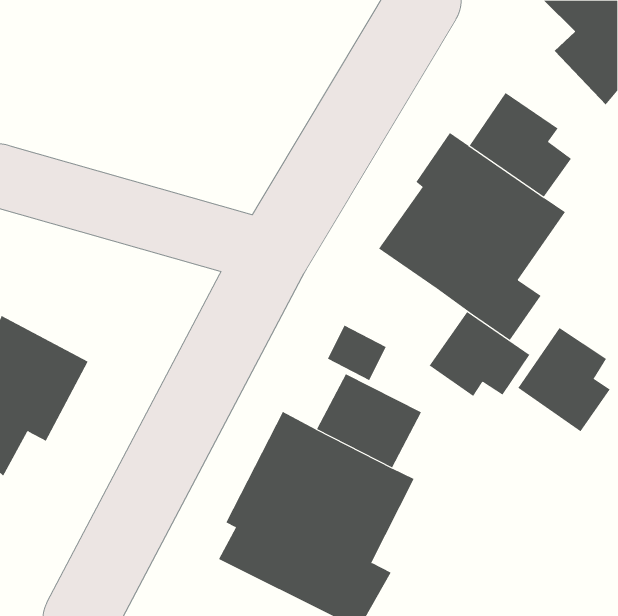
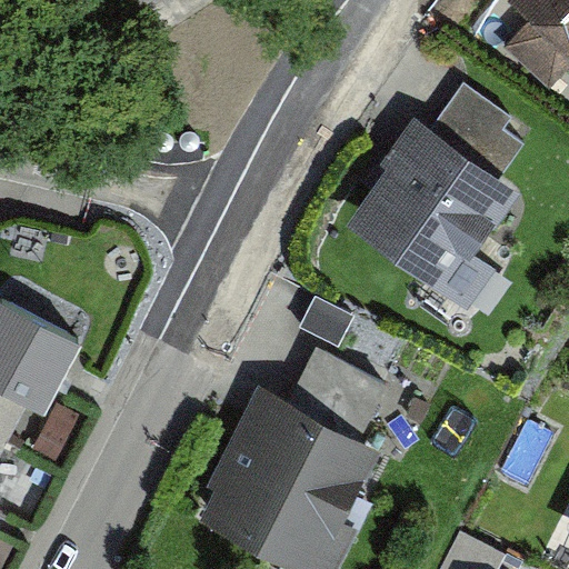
building: [429,311,530,397] -> none
building: [518,327,611,432] -> none

